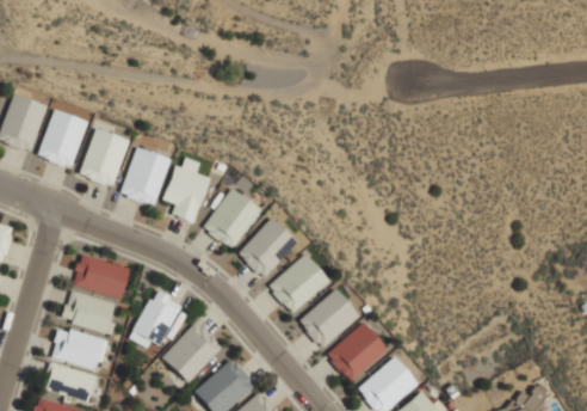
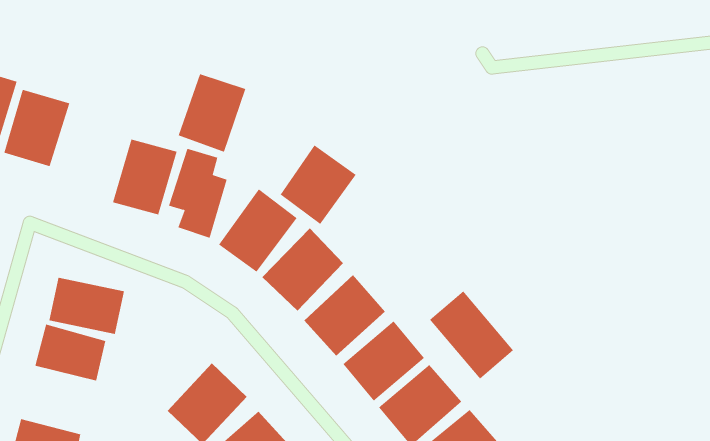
building: [78,128,130,189] -> [178,73,246,153]
building: none -> [280,145,356,225]
building: none -> [429,291,514,380]
building: [129,287,184,350] -> none
building: [50,326,105,370] -> none

